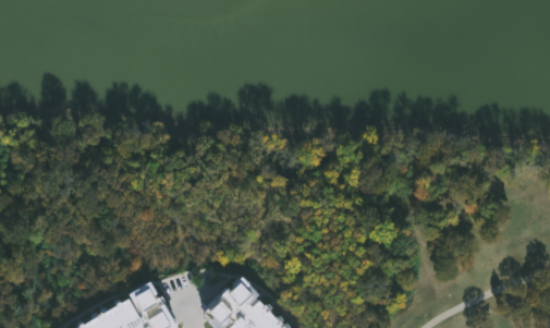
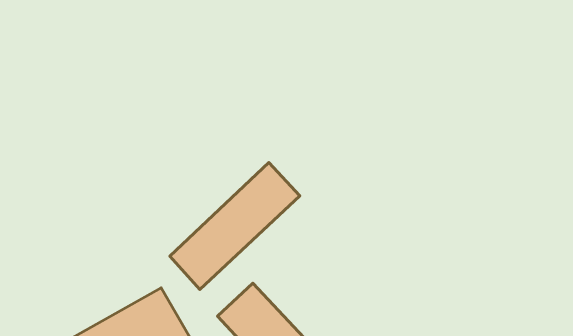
building: none -> [170,163,300,289]

